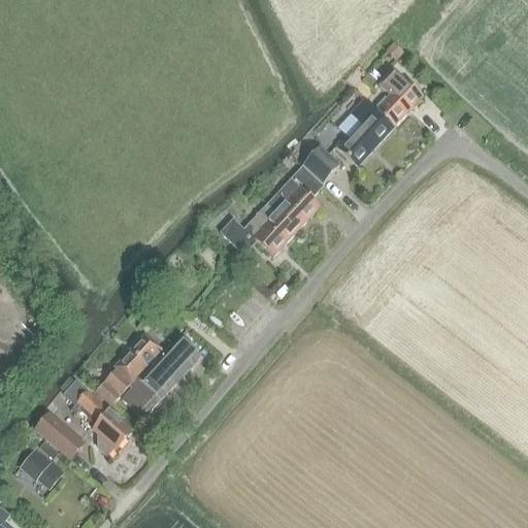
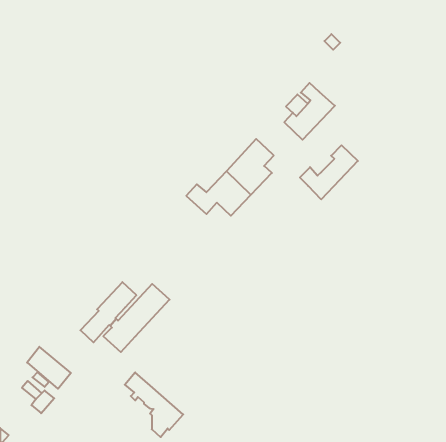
building: [377,67,424,125] -> none
building: [302,144,340,183] -> none
building: none -> [300,145,358,199]
building: [64,380,133,456] -> [125,372,183,437]

